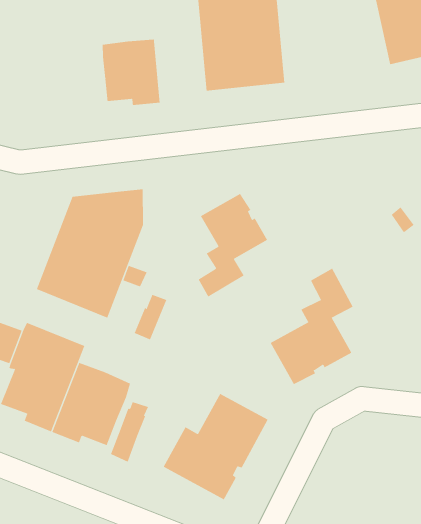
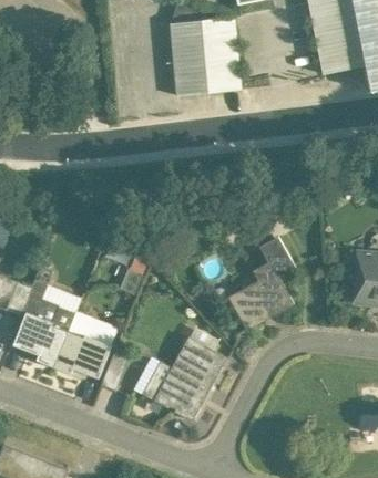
building: [102,24,160,106] -> none
building: [36,188,144,318] -> none
building: [198,193,268,297] -> none

